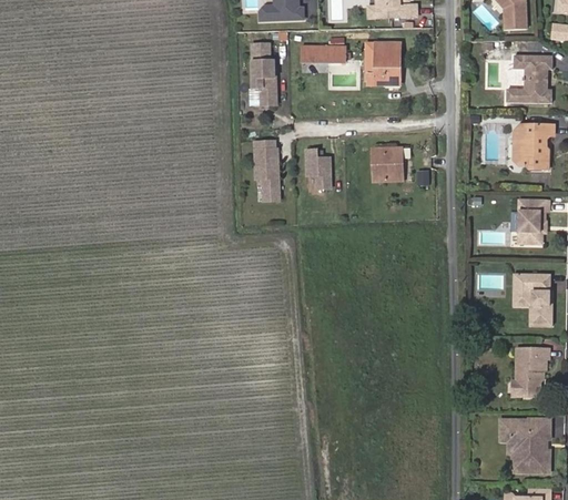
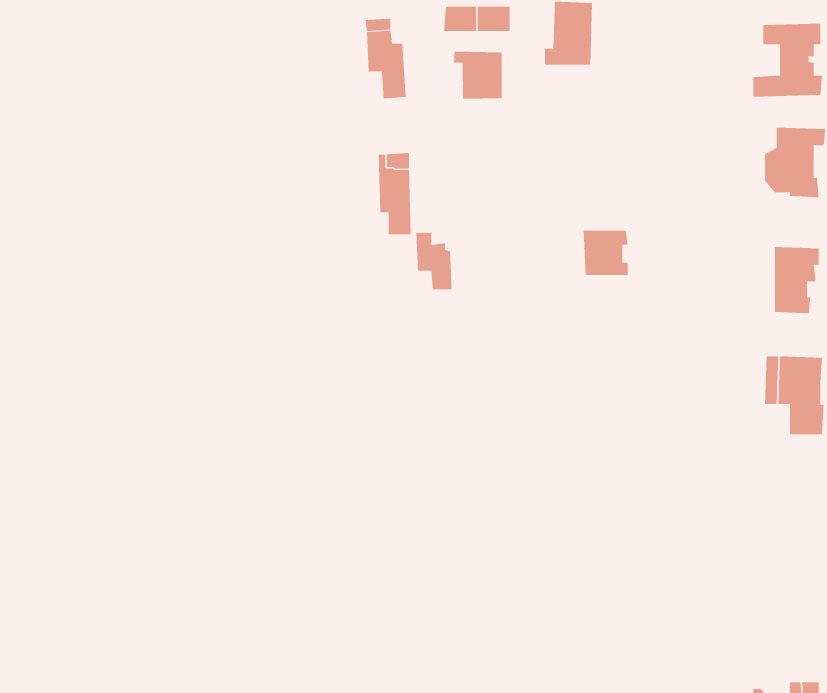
building: none -> [454,51,502,99]
building: [304,146,328,184] -> [416,233,452,290]
building: [368,149,398,178] -> [583,230,628,276]
building: [517,348,549,396] -> none
building: [501,418,549,471] -> none

